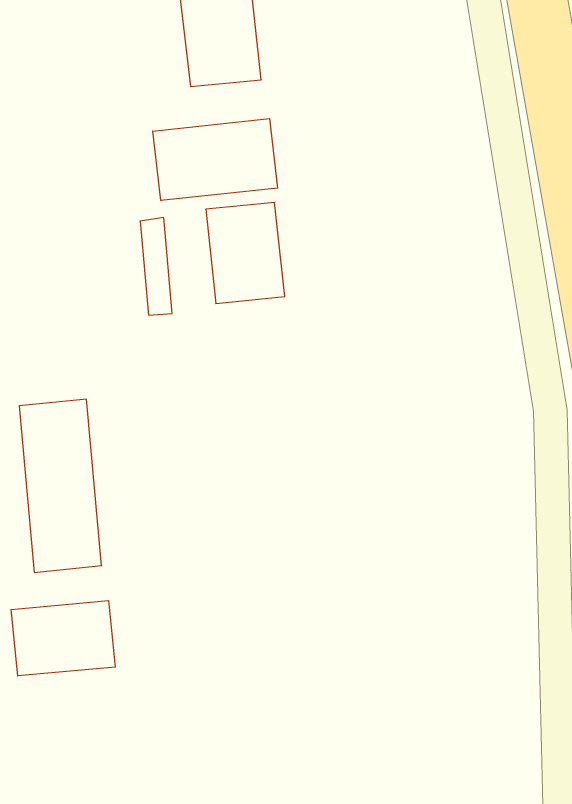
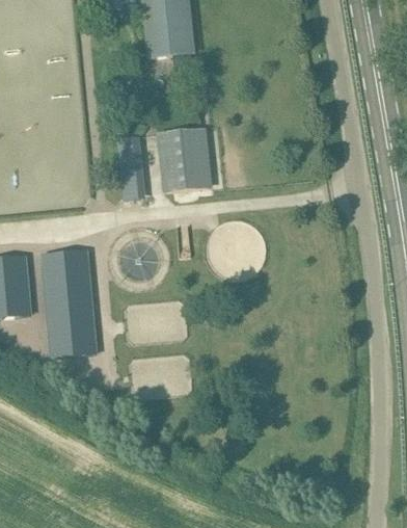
building: [153,119,278,201] -> none
building: [11,601,115,676] -> none

